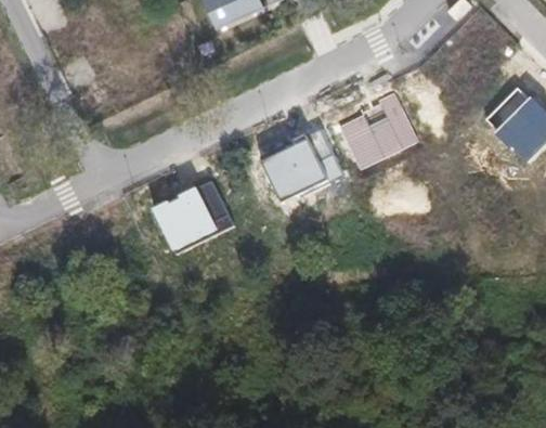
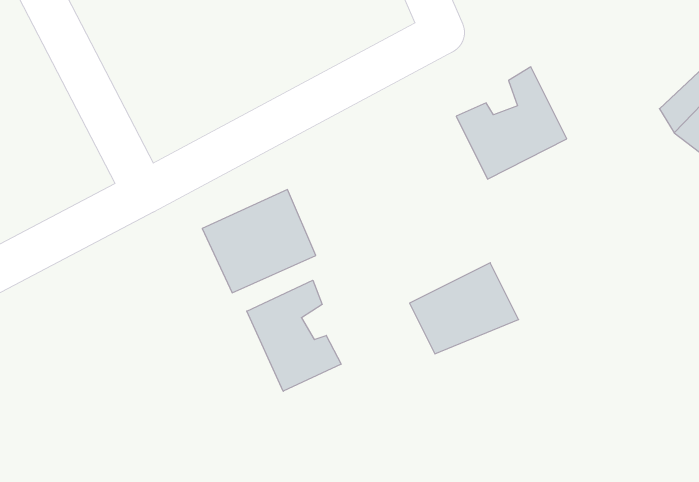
building: [261,132,340,198] -> [410,263,519,354]
building: none -> [247,280,341,391]

